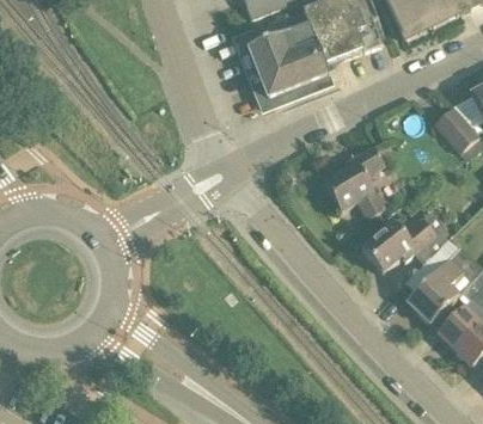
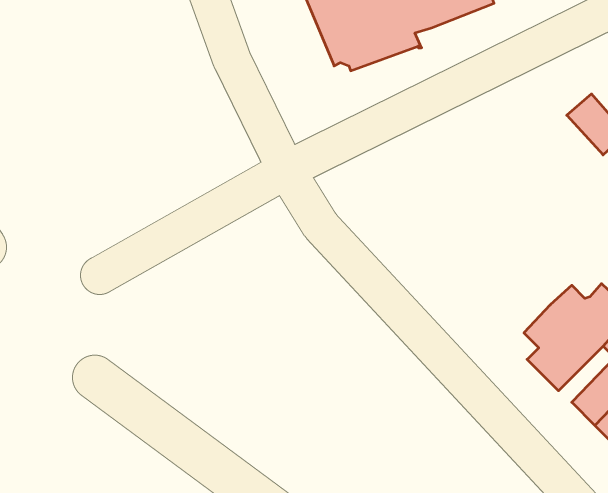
building: [325,147,385,219] -> none
building: [362,210,451,272] -> none

